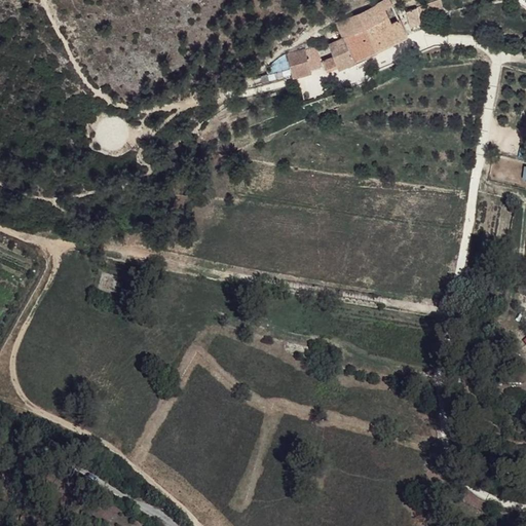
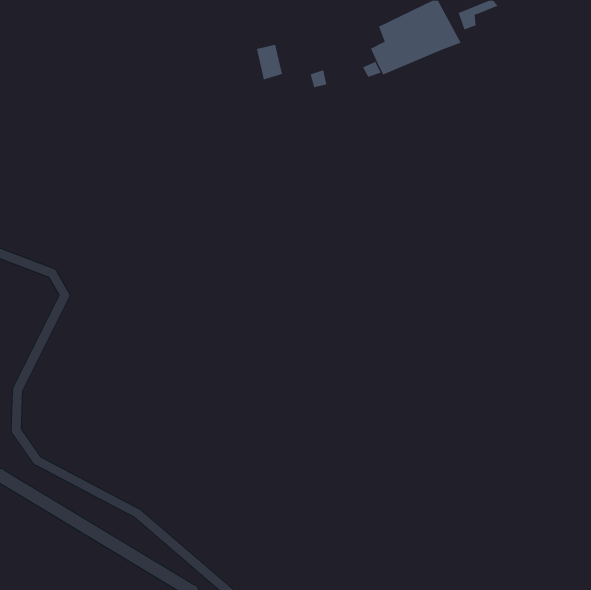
building: [288,46,311,78] -> [256,44,283,80]

